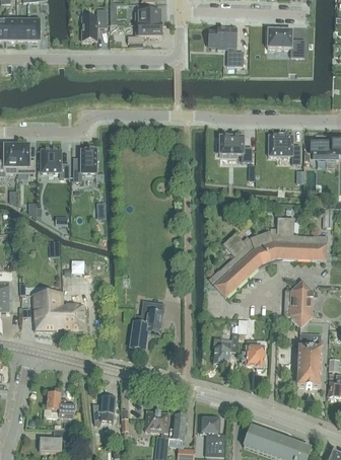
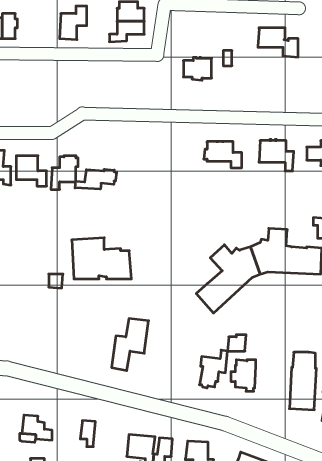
building: [209,27,235,49] -> [183,57,212,80]
building: none -> [75,169,117,189]
building: [284,280,318,327] -> none
building: [31,292,87,330] -> [72,238,131,279]

